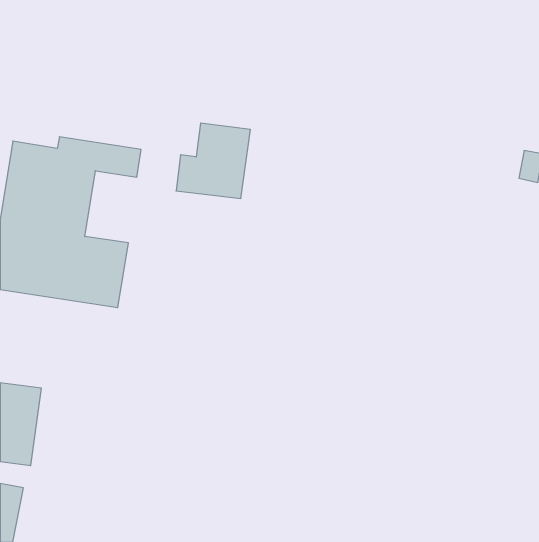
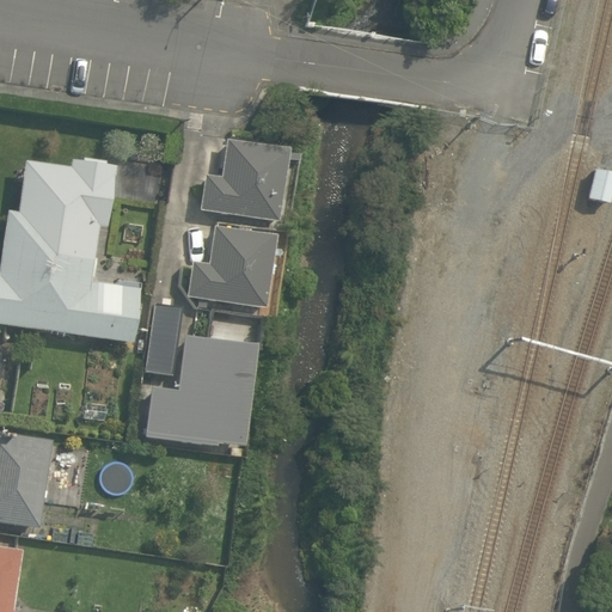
building: none -> [188,222,270,325]
building: none -> [142,301,256,449]

